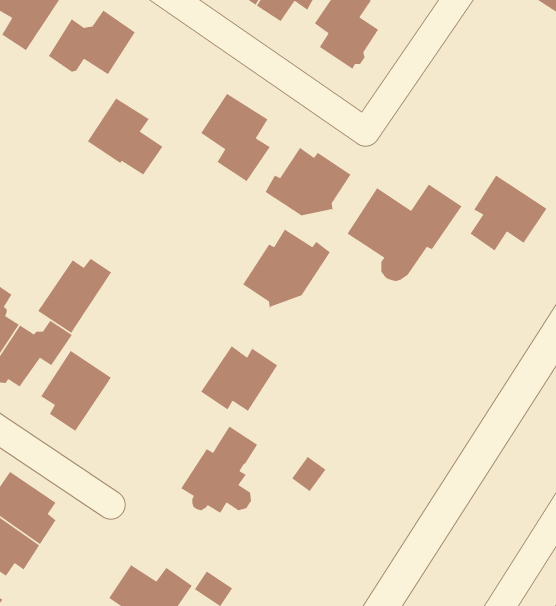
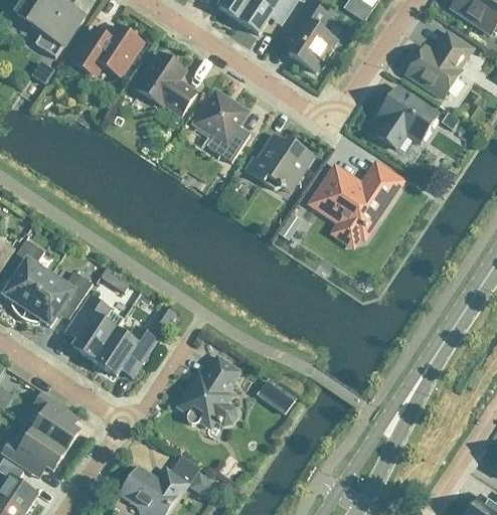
building: none -> [406,32,472,97]
building: [87,97,164,176] -> [136,52,197,115]
building: [469,174,548,251] -> [376,87,439,148]
building: [242,229,331,311] -> none
building: [37,258,112,334] -> none
building: [200,345,278,412] -> [95,323,157,376]

